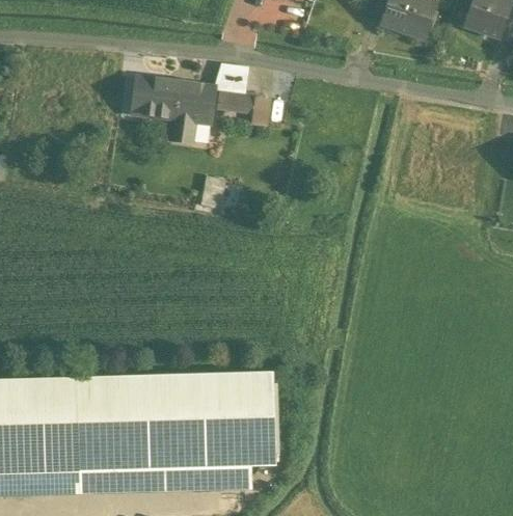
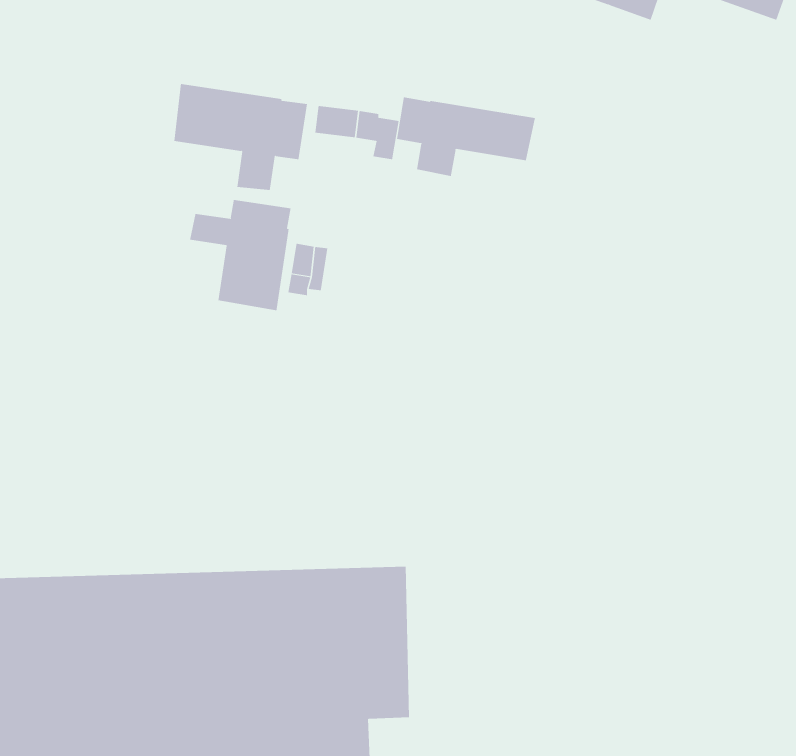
building: none -> [396,97,536,177]
building: none -> [189,199,291,311]

